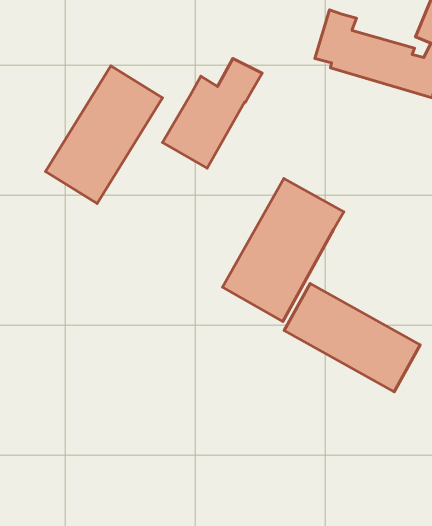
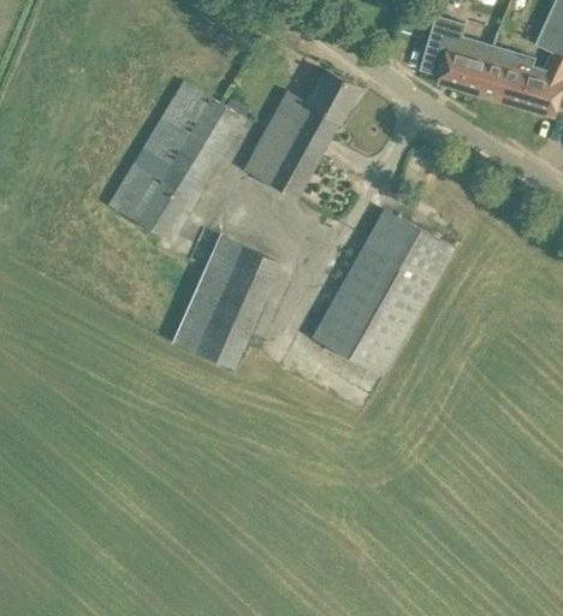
building: none -> [171,235,282,369]
building: [284,284,420,392] -> none

